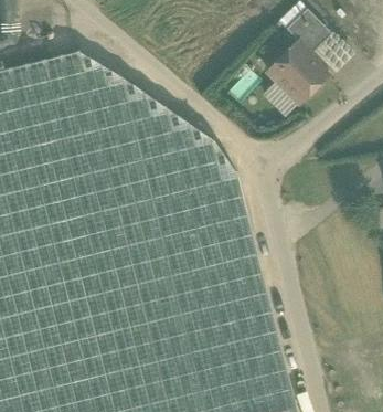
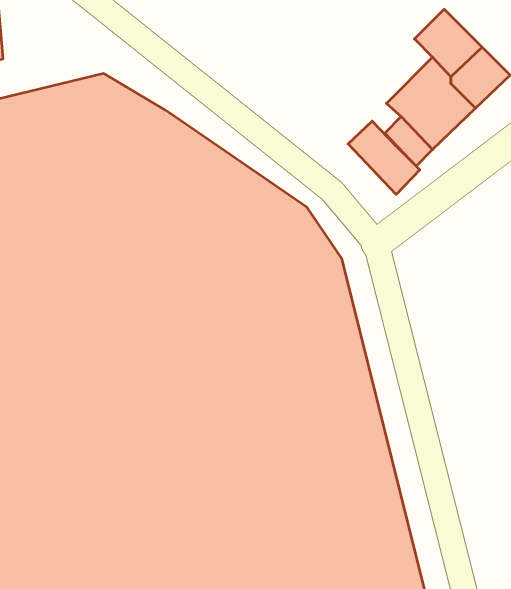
building: none -> [348,121,420,194]

